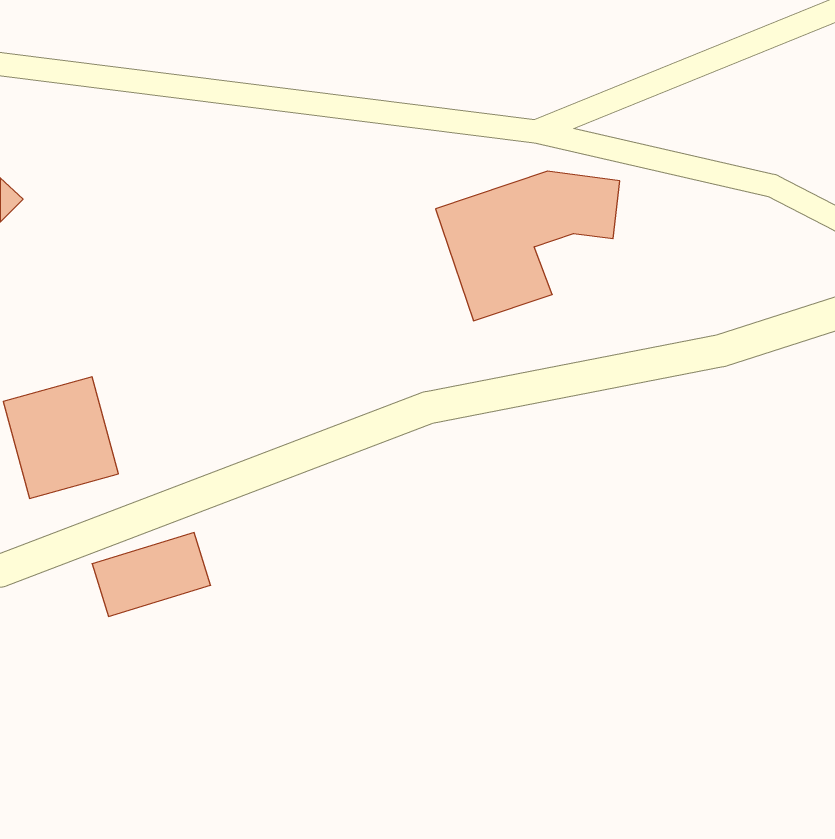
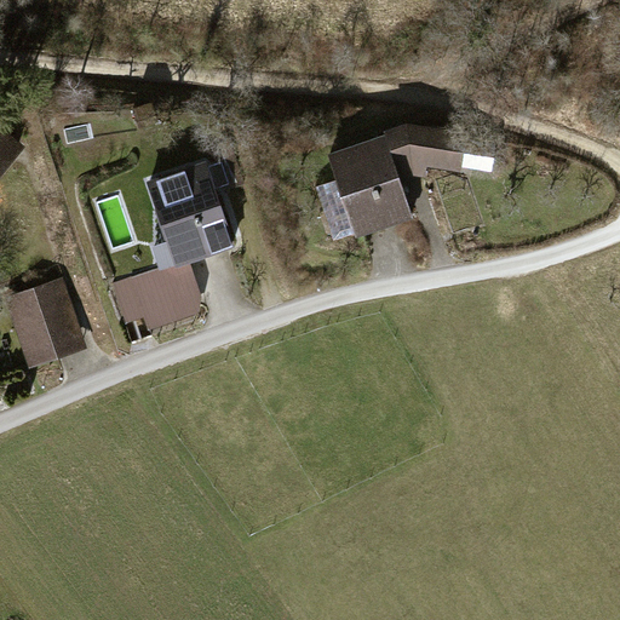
building: none -> [149,162,230,260]
building: [92,533,211,616] -> [114,262,201,323]

